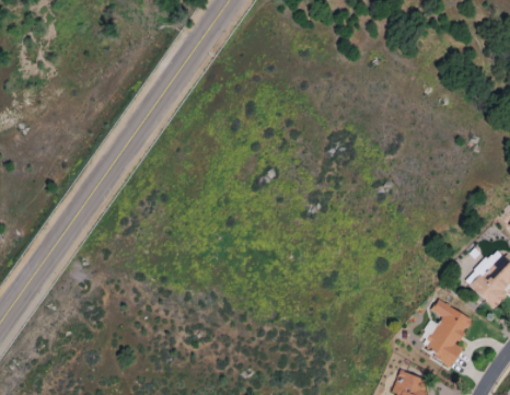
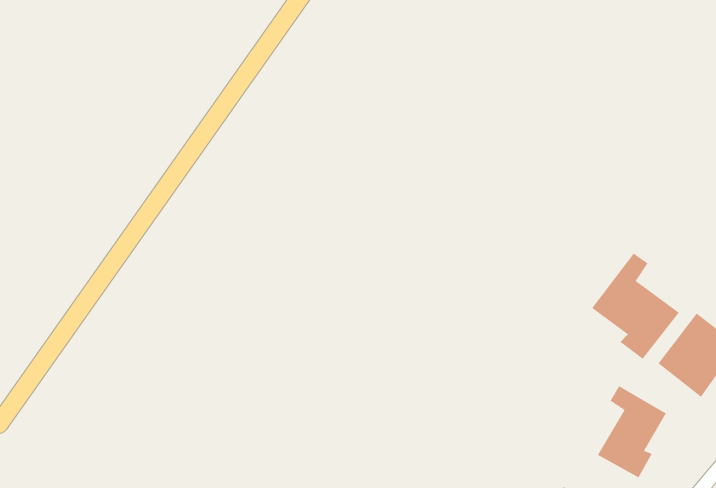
building: none -> [591,252,680,360]

